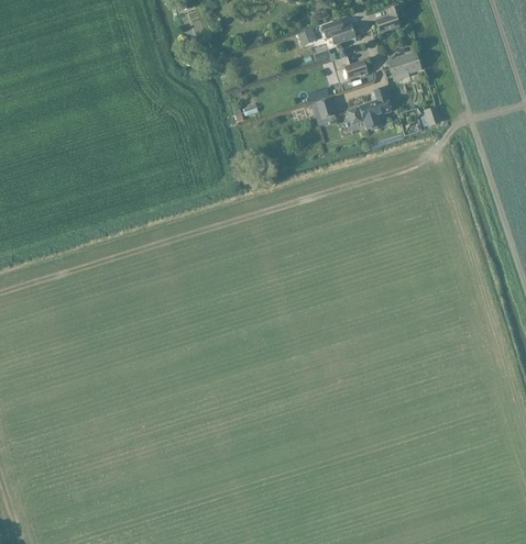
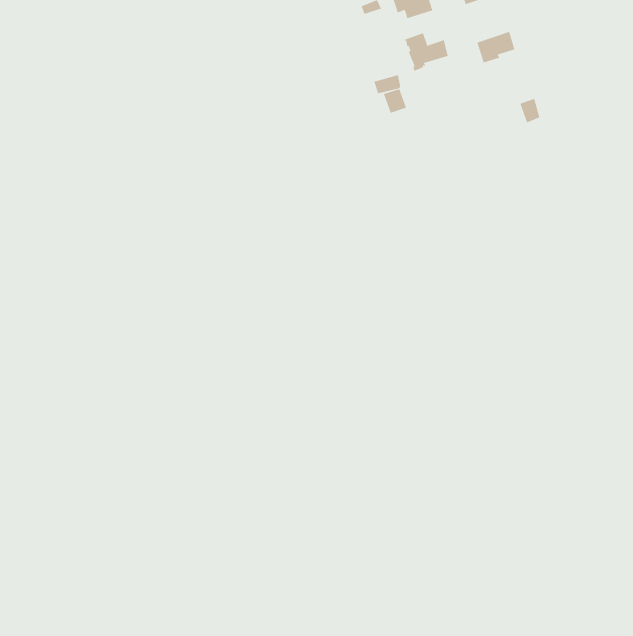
building: [347,88,391,130] -> none

